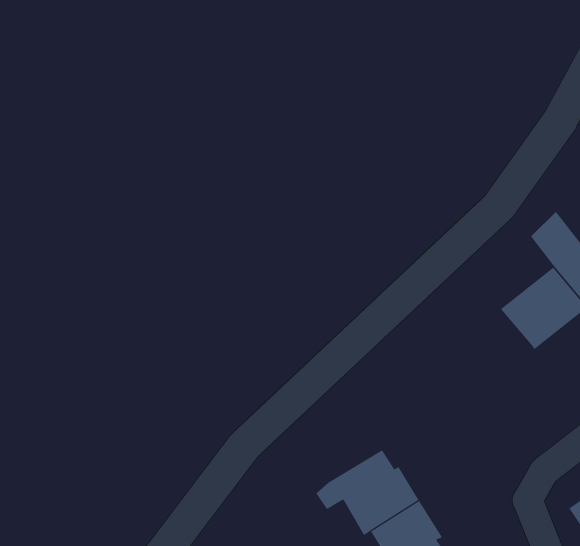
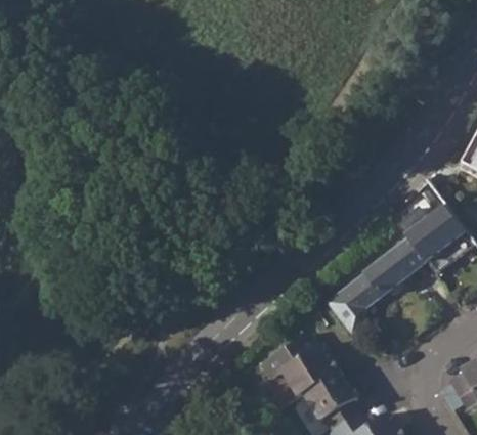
building: none -> [327,240,422,330]

